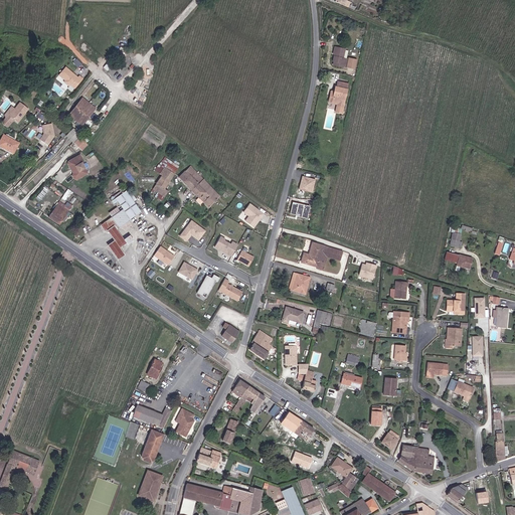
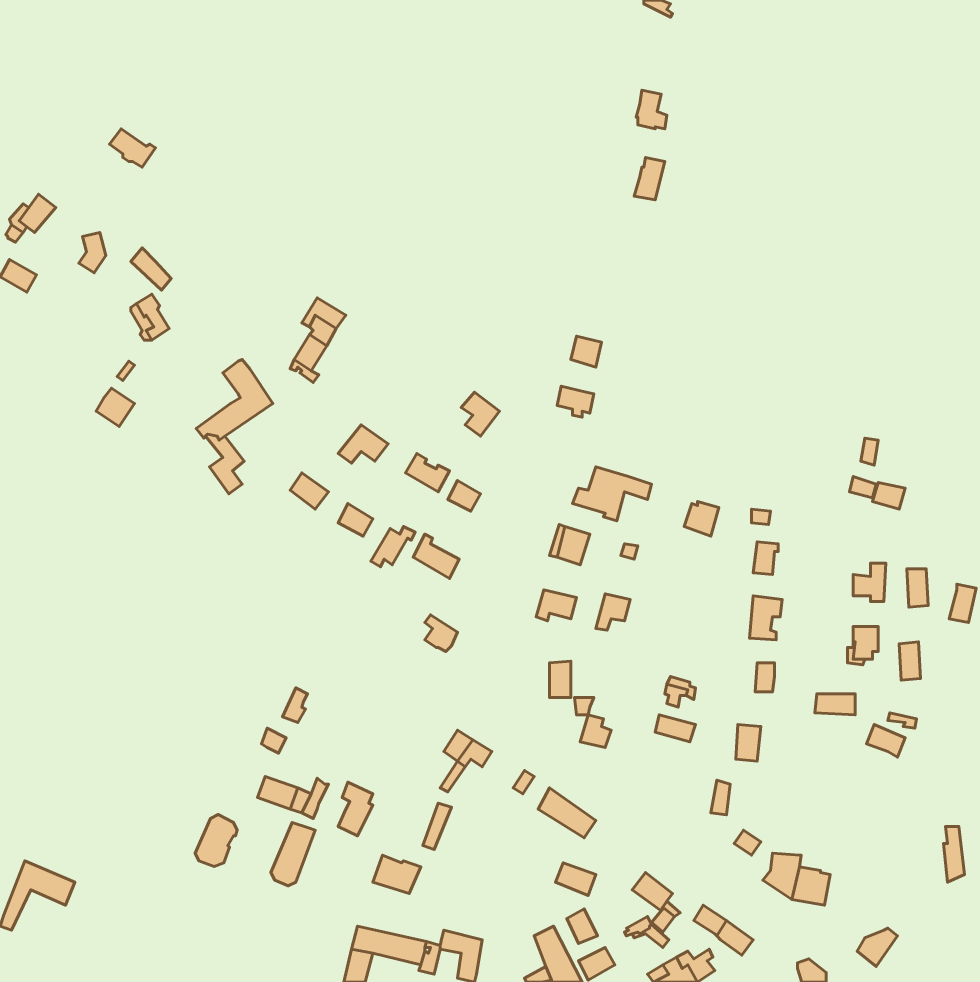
building: [69,98,96,125] -> none
building: [181,165,220,206] -> none
building: [251,331,276,358] -> none
building: [140,473,162,500] -> [195,815,237,867]

